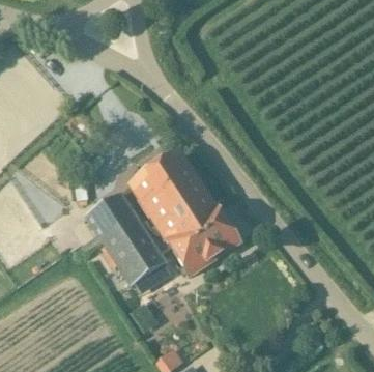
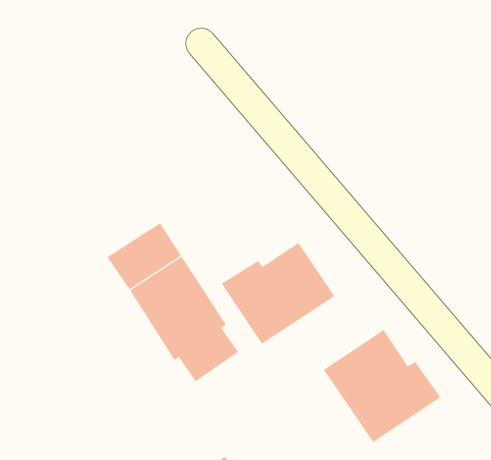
building: [128,149,214,230] -> none
building: none -> [323,329,459,443]

